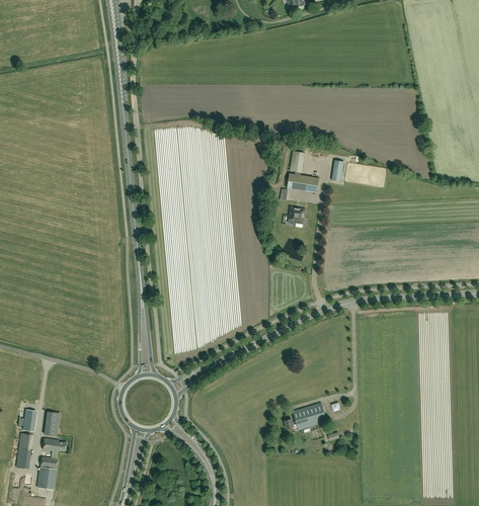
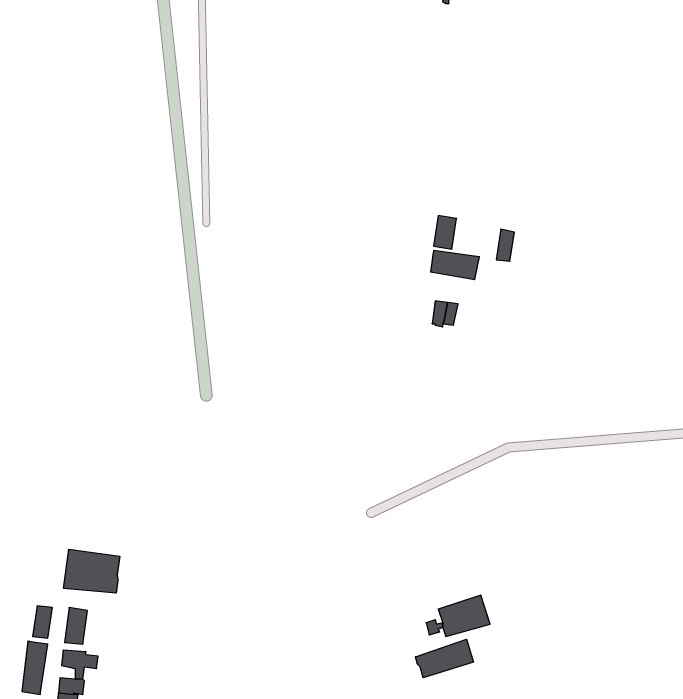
building: none -> [64,549,120,593]
building: none -> [415,639,474,678]

